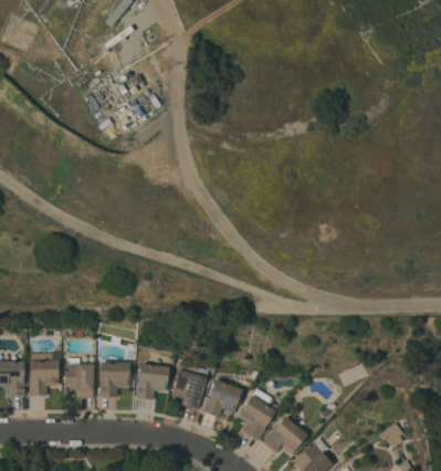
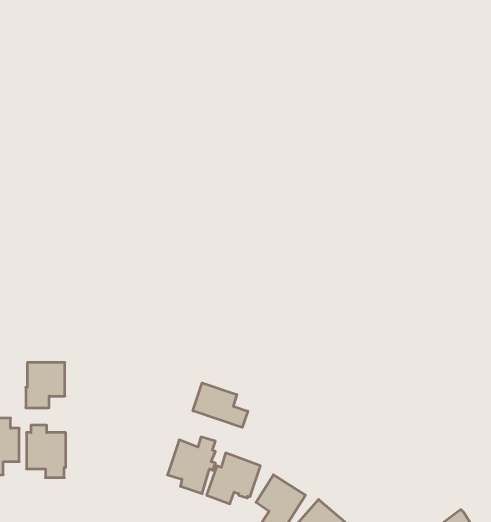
building: none -> [193,383,248,427]
building: [99,363,129,397] -> [26,363,65,408]
building: [136,364,169,400] -> none

